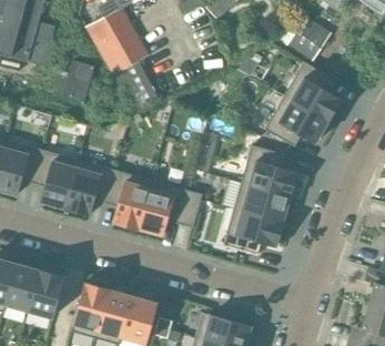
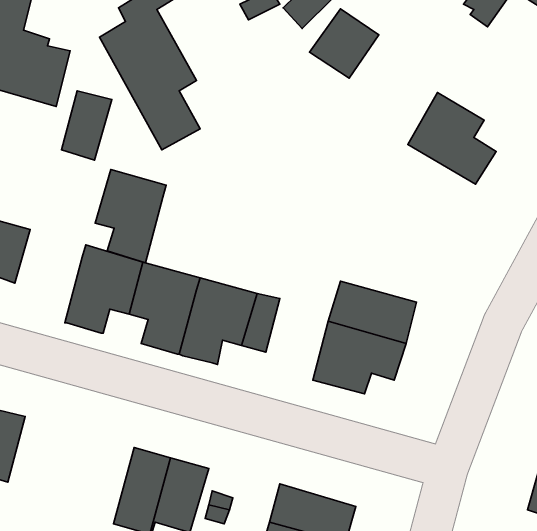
building: [286,17,331,61] -> [309,9,379,78]
building: [264,95,327,146] -> none
building: [241,145,296,196] -> none
building: [32,150,78,210] -> [95,169,166,263]
building: [28,269,63,318] -> none
building: [71,283,109,338] -> none

